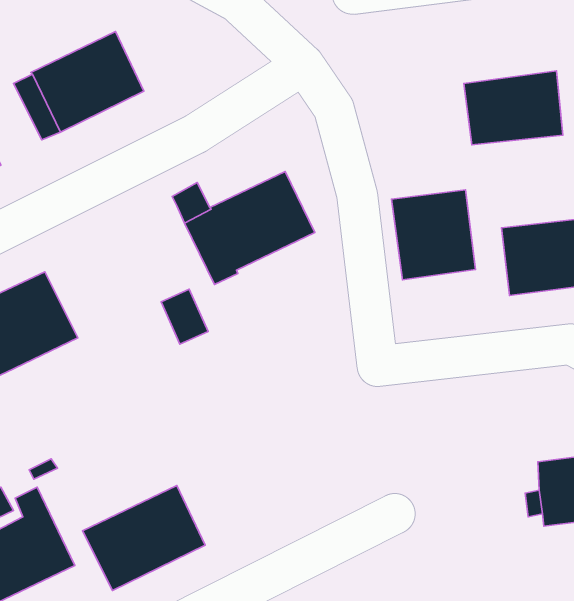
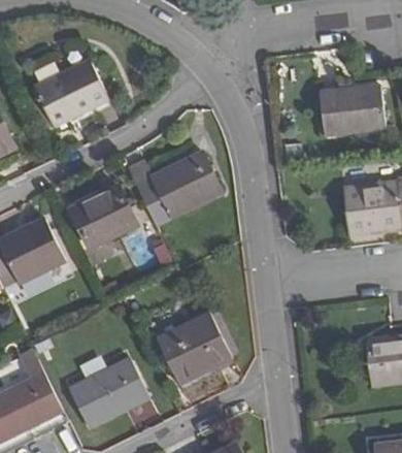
building: [391,190,476,280] -> none
building: none -> [71,187,137,249]
building: none -> [158,312,232,384]

